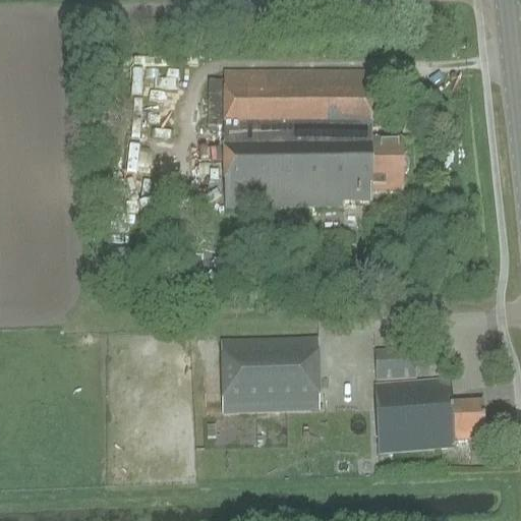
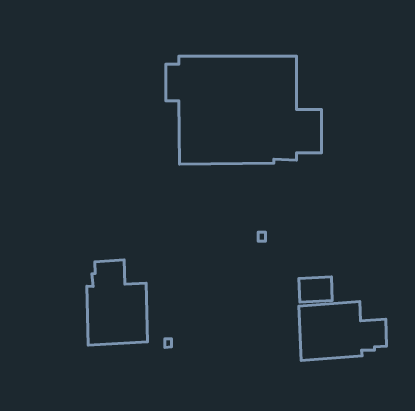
building: none -> [87,260,147,345]
building: [222,338,317,410] -> none

